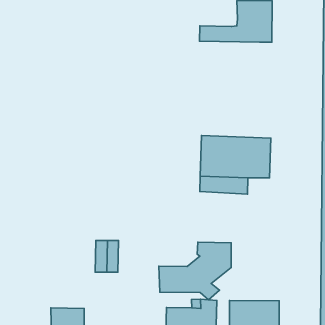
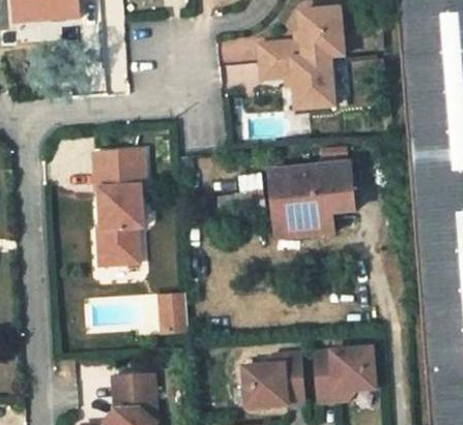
building: none -> [261,55,335,107]
building: none -> [92,150,145,264]
building: [159,242,231,300] -> none

